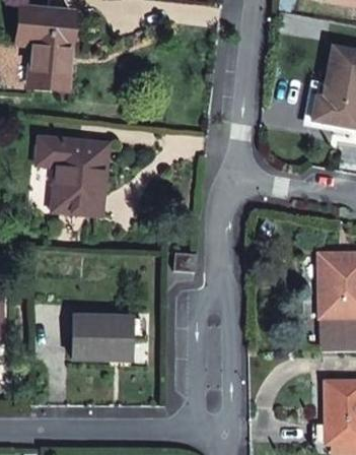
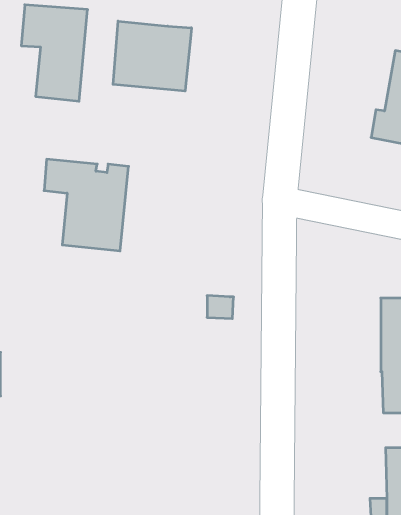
building: none -> [113,21,191,91]
building: [72,315,142,360] -> none

